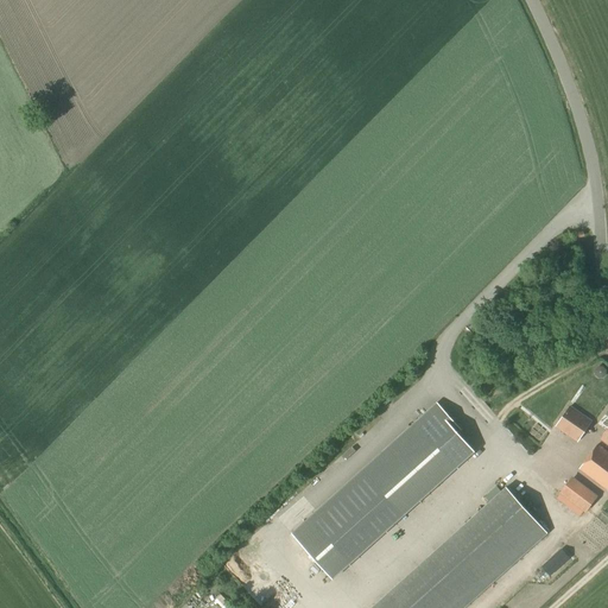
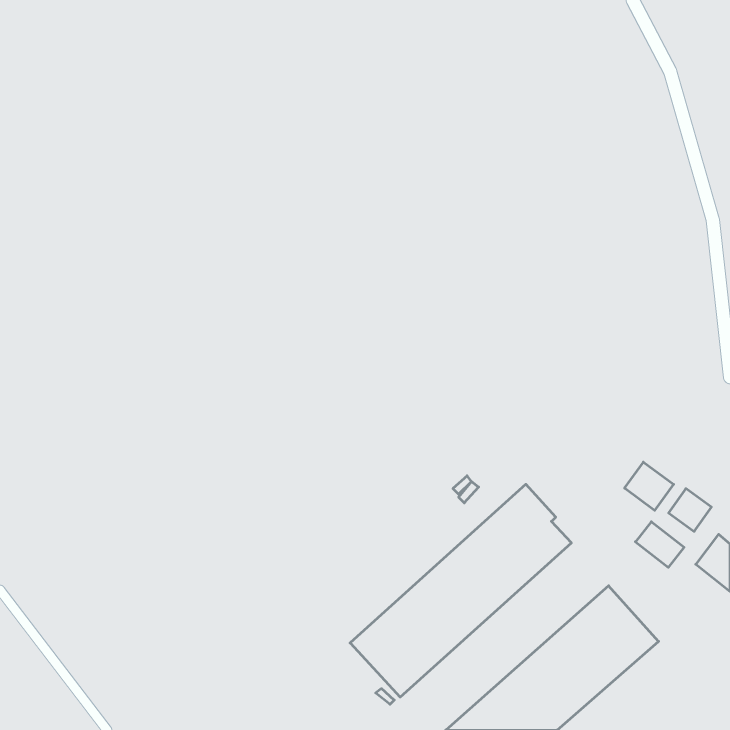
building: none -> [625,462,674,510]
building: [562,474,602,512] -> [635,522,684,567]

